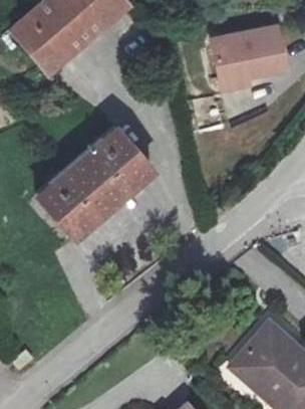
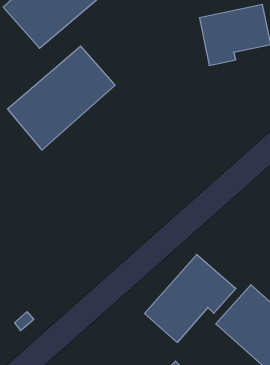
building: [40,128,154,237] -> [7,46,115,150]
building: none -> [145,254,236,342]

